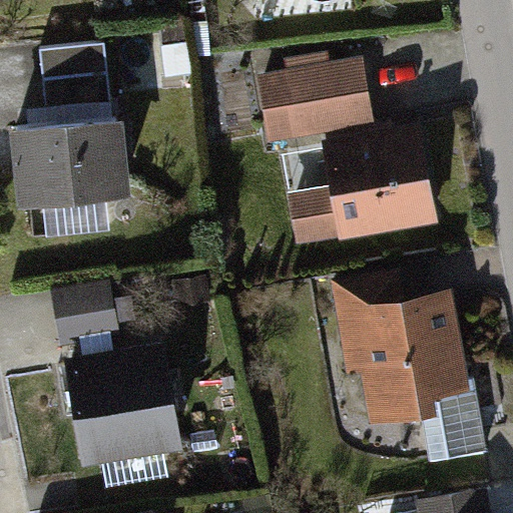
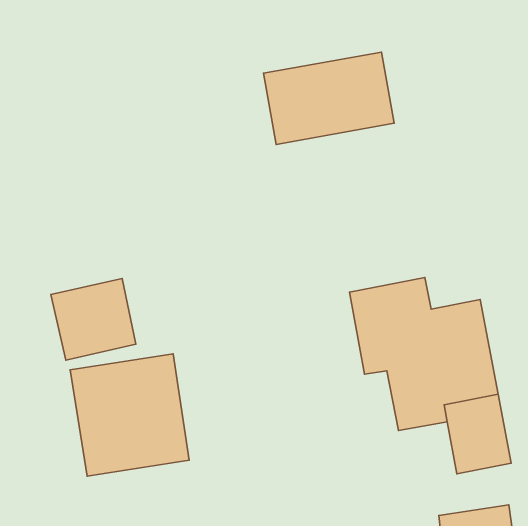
building: [36,55,111,124] -> none
building: [13,124,138,211] -> none
building: [284,130,432,242] -> none

